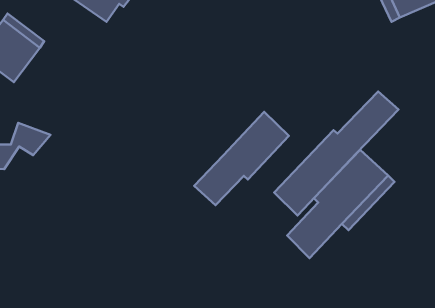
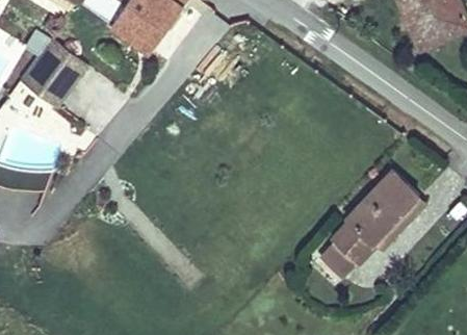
building: [274,91,399,215] -> none
building: [194,112,289,205] -> none

